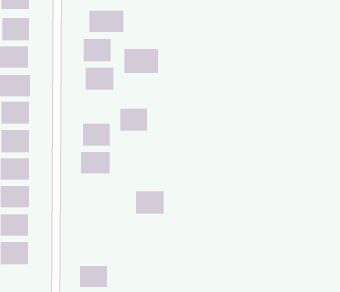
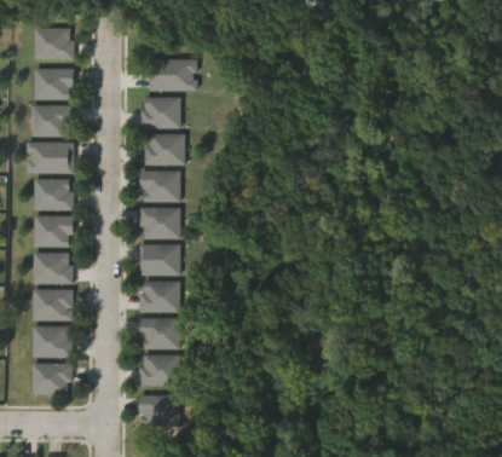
building: [123,48,159,74] -> none
building: [119,108,148,132] -> [142,170,179,202]
building: [135,190,164,214] -> [139,280,178,312]
building: none -> [139,318,177,348]
building: none -> [139,354,178,384]

